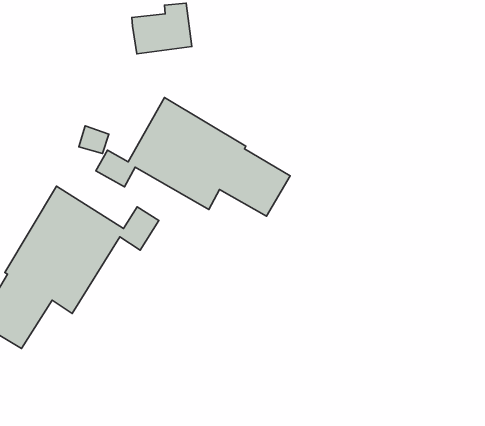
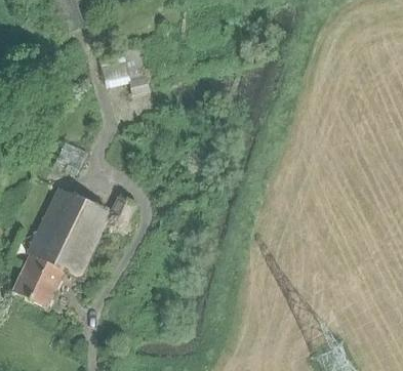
building: [96,98,290,216] -> none

